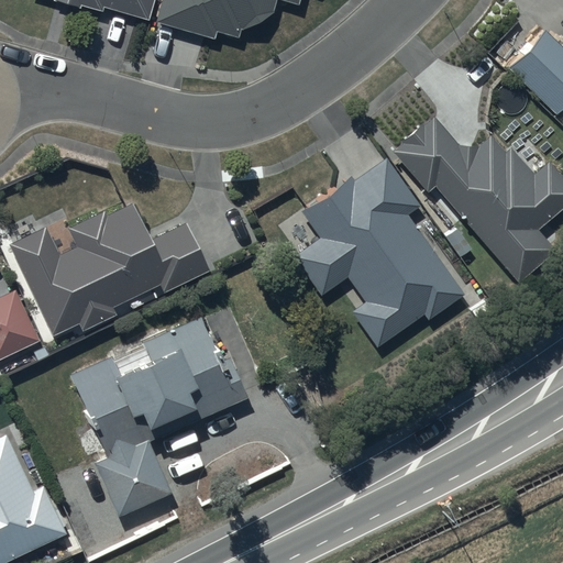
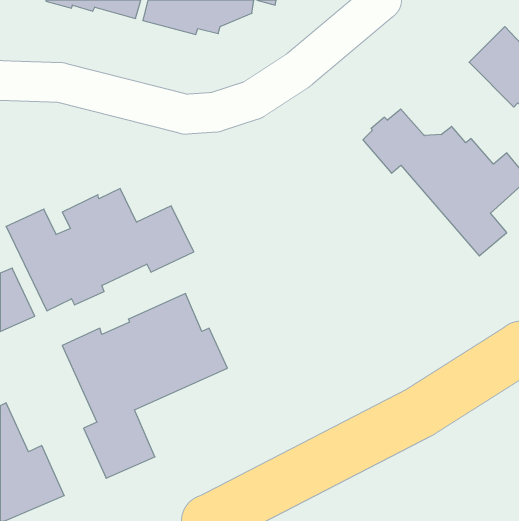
building: [296,157,465,344] -> none

